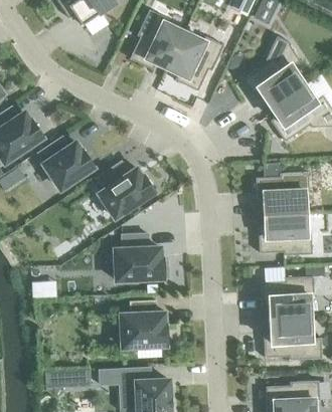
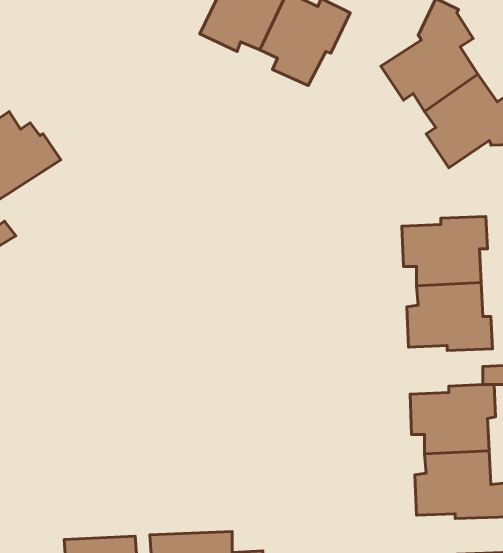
building: [39,137,95,189] -> none
building: [98,162,156,218] -> none
building: [115,234,165,280] -> none
building: [123,300,168,347] -> none

